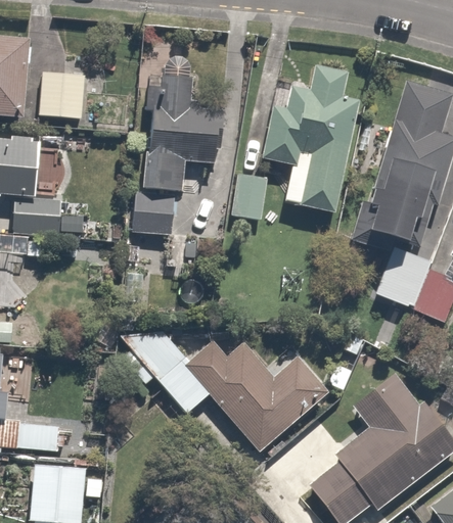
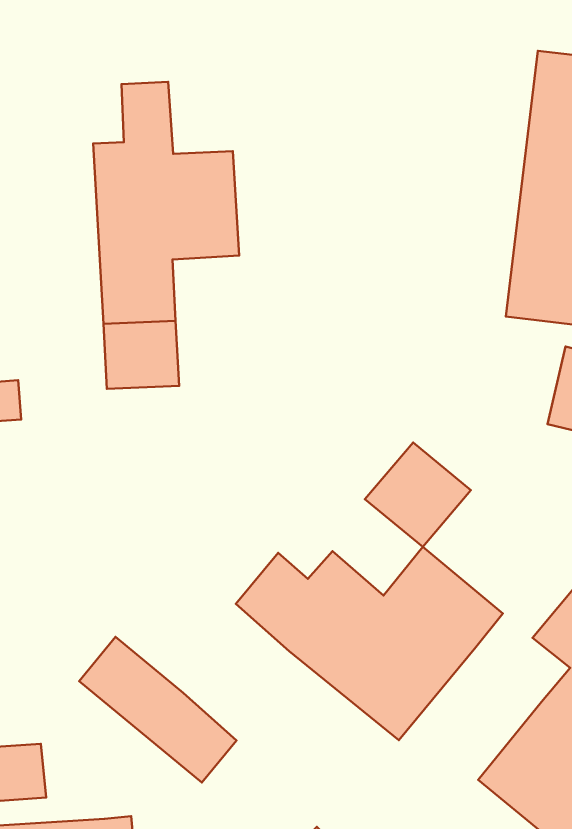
building: [230,67,359,223] -> none
building: none -> [365,442,471,547]
building: [128,326,211,416] -> [79,637,236,783]

